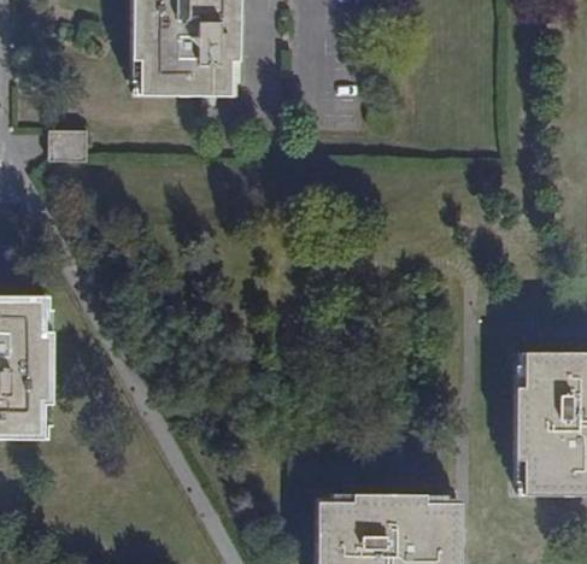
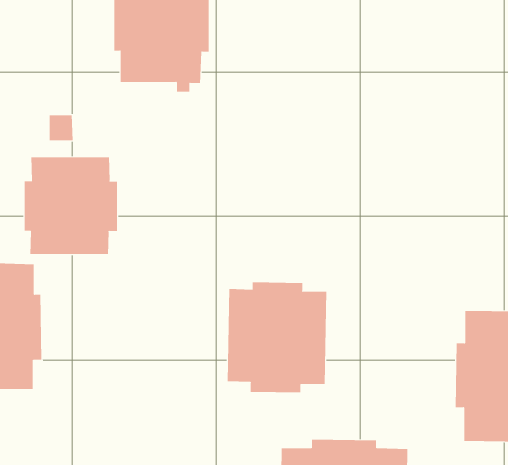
building: none -> [24,157,117,255]
building: none -> [227,282,327,393]

